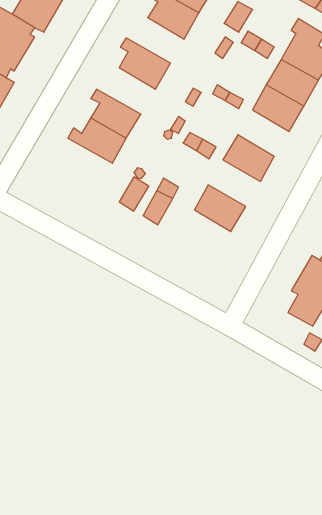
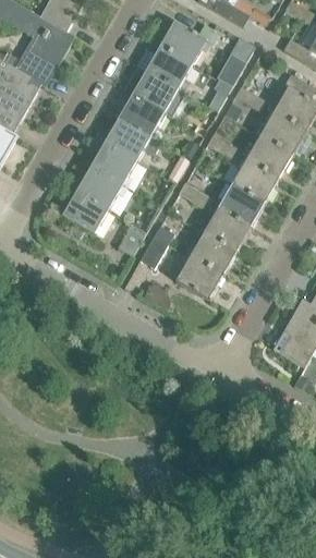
building: none -> [124,71,180,114]
building: none -> [96,119,160,163]
building: none -> [231,159,280,204]
building: none -> [62,186,111,236]
building: none -> [203,207,253,252]
building: none -> [174,255,224,301]

